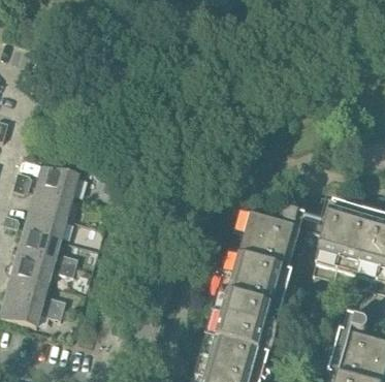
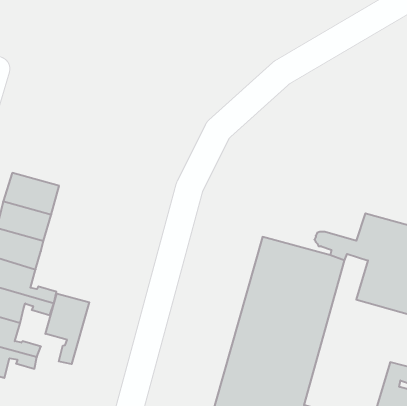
building: none -> [45,293,89,364]

